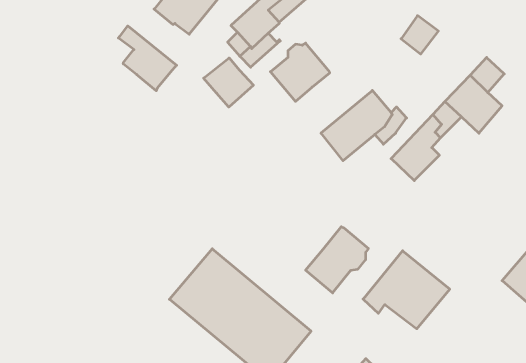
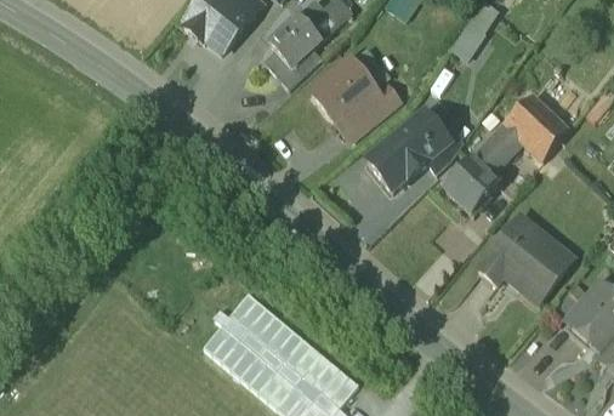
building: [118,26,177,91] -> none
building: [204,58,253,107] -> none
building: none -> [357,85,398,125]
building: [306,227,368,293] -> none
building: [363,251,450,329] -> [477,216,573,302]

